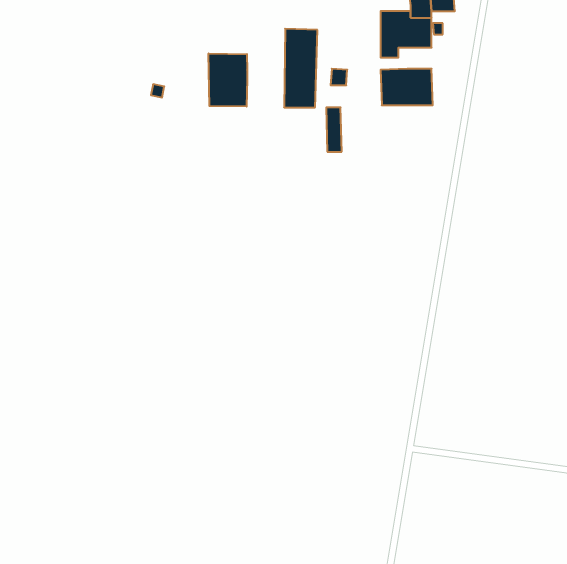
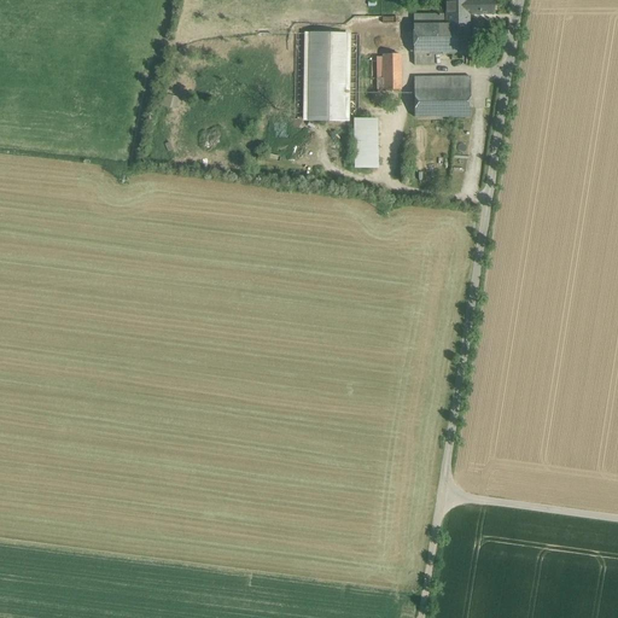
building: none -> [383,52,400,88]
building: [209,53,247,107] -> none

